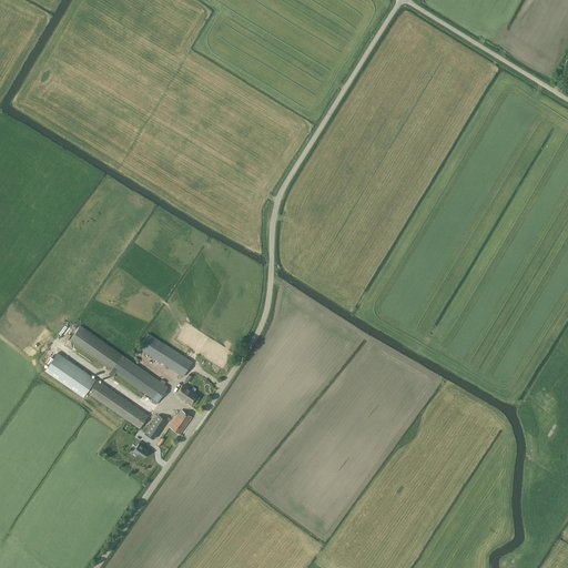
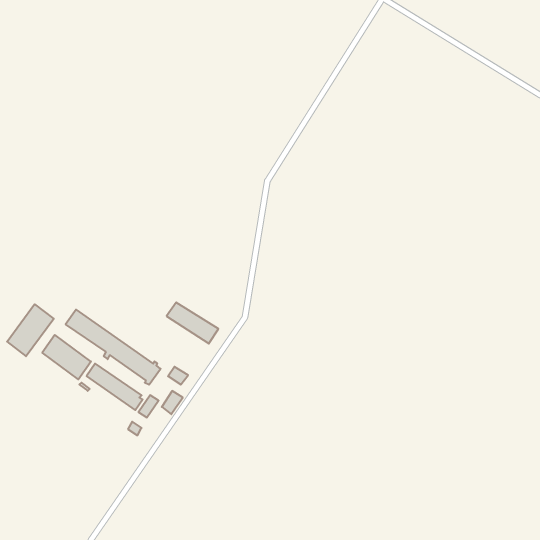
building: none -> [7,304,54,356]
building: [139,334,193,377] -> [167,302,218,344]

